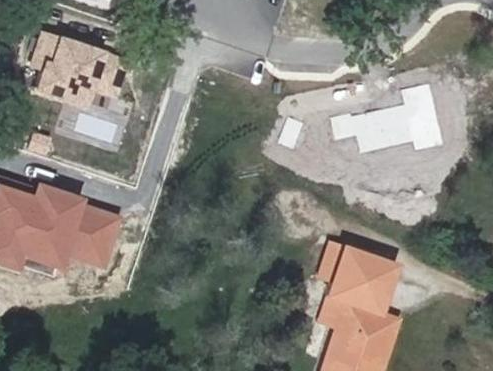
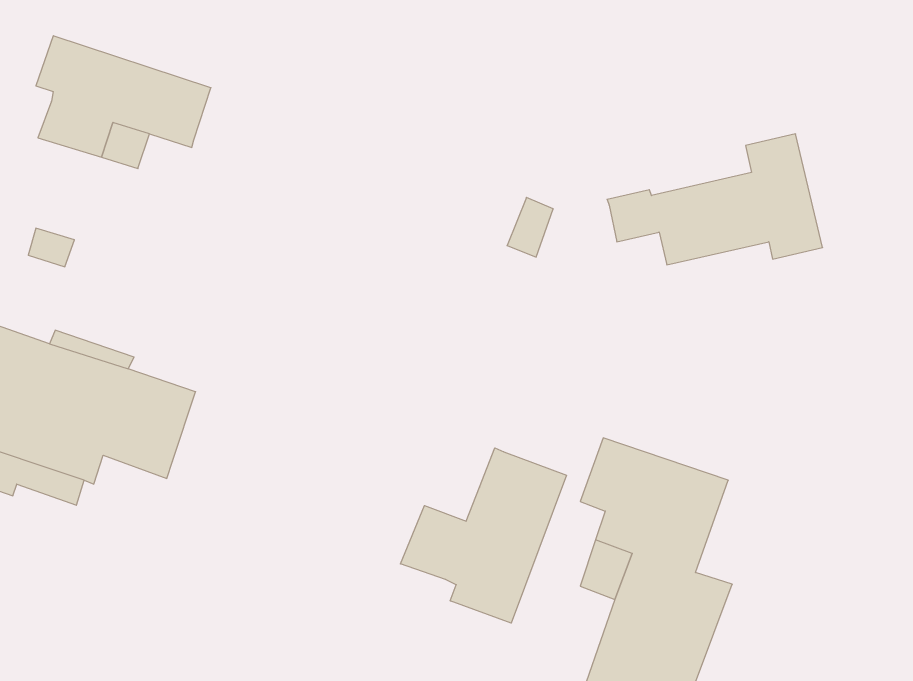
building: none -> [400,448,567,623]

